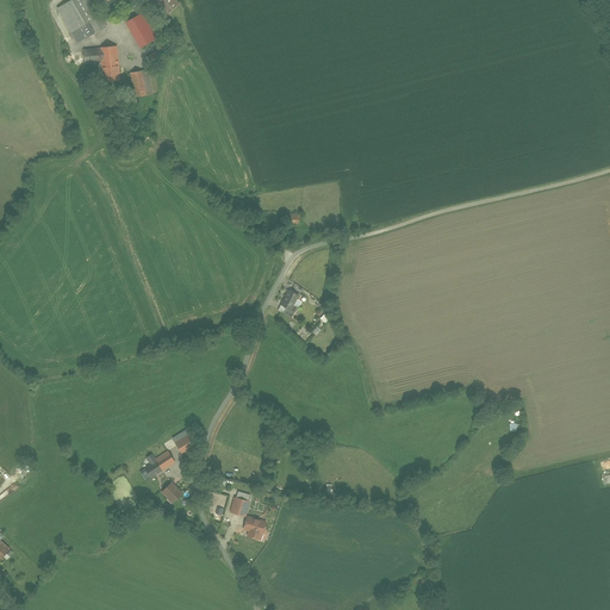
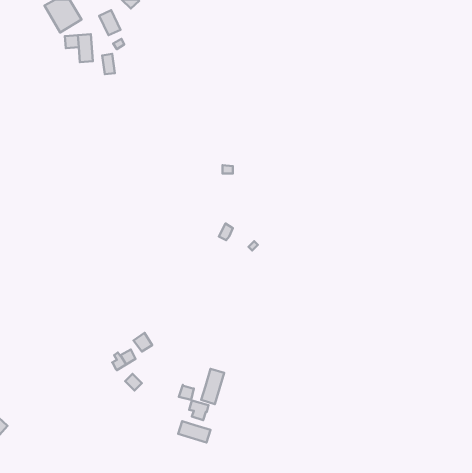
building: none -> [201,369,224,404]
building: none -> [178,421,211,442]

